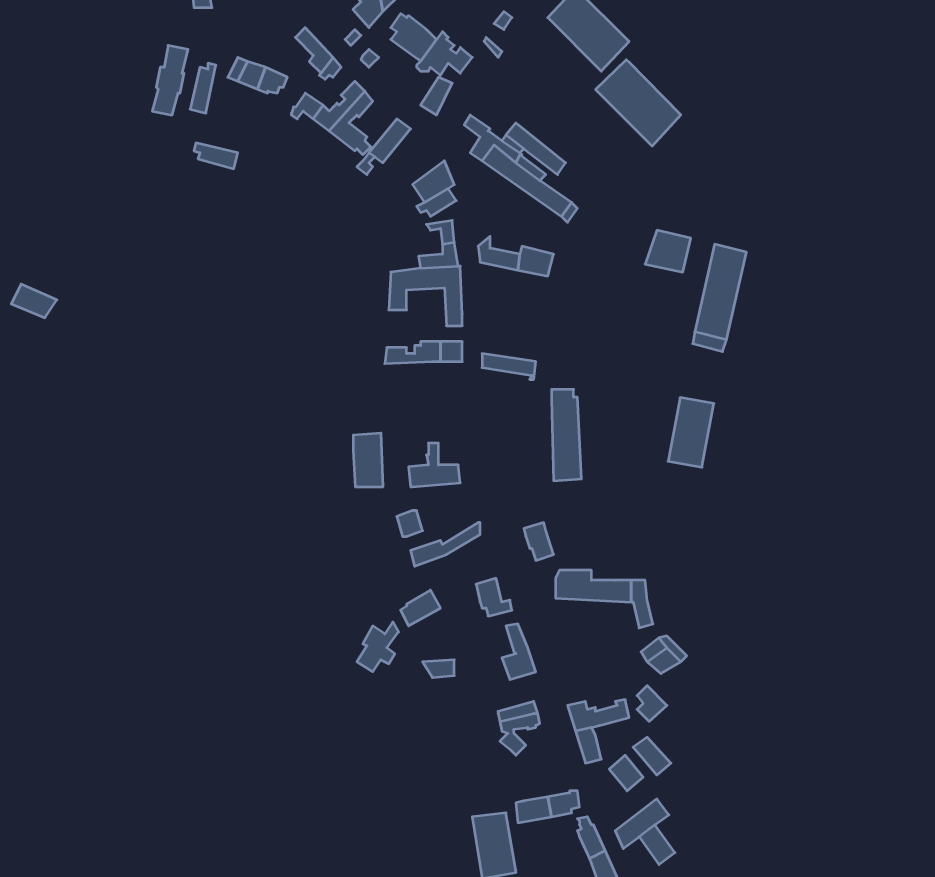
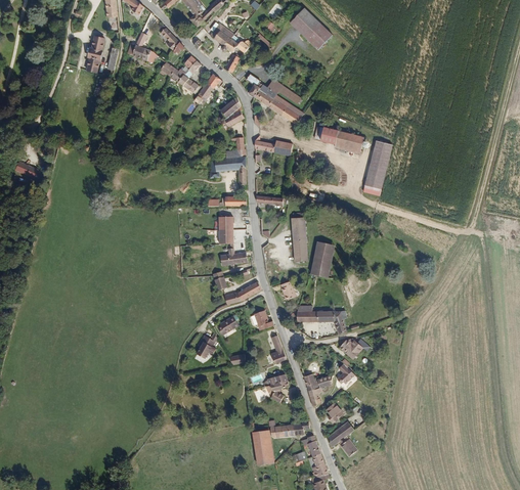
building: [596,60,681,146] -> none
building: none -> [314,127,347,149]
building: [668,398,714,467] -> [311,242,335,278]
building: [353,433,383,487] -> [218,210,233,237]

